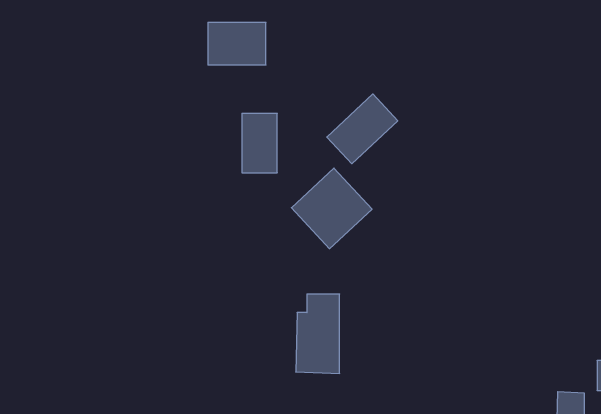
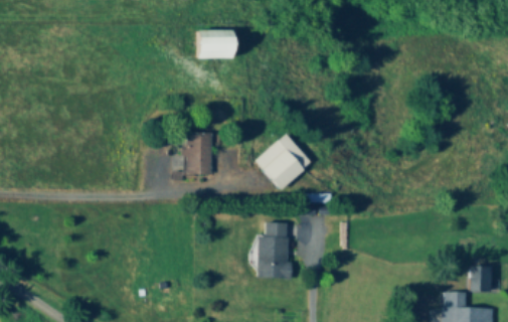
building: [327,94,398,164] -> none
building: [242,113,277,173] -> [185,132,210,174]

